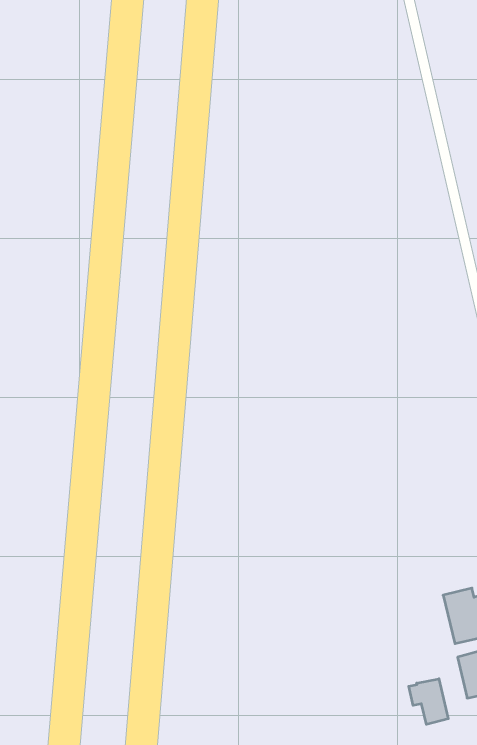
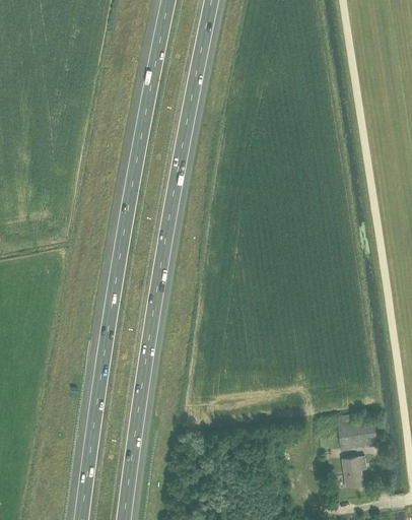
building: [409,679,448,724] -> none

